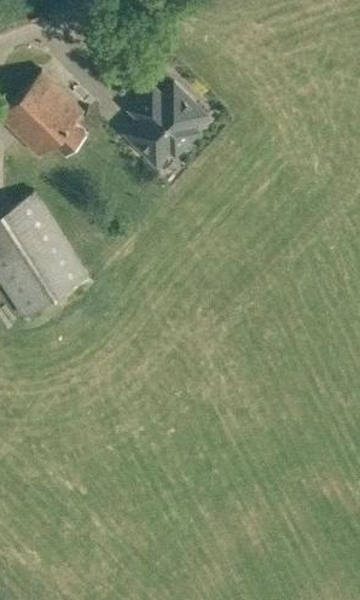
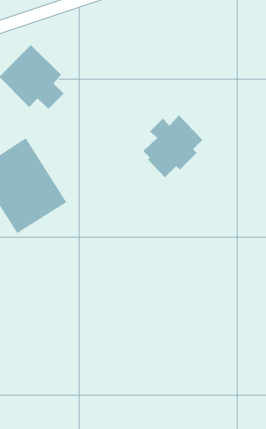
building: [127,83,205,165] -> [143,115,203,178]

